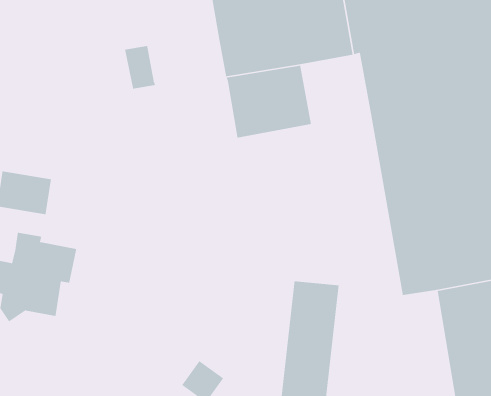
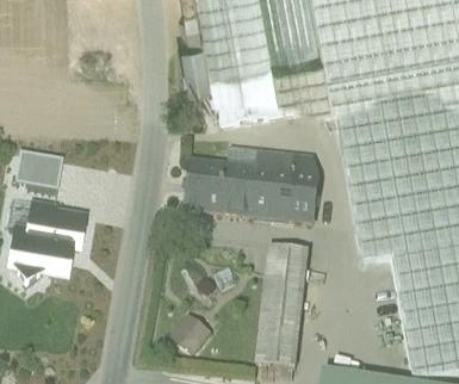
building: [124,45,156,90] -> [184,44,211,82]
building: none -> [274,55,334,116]
building: none -> [181,150,317,224]

